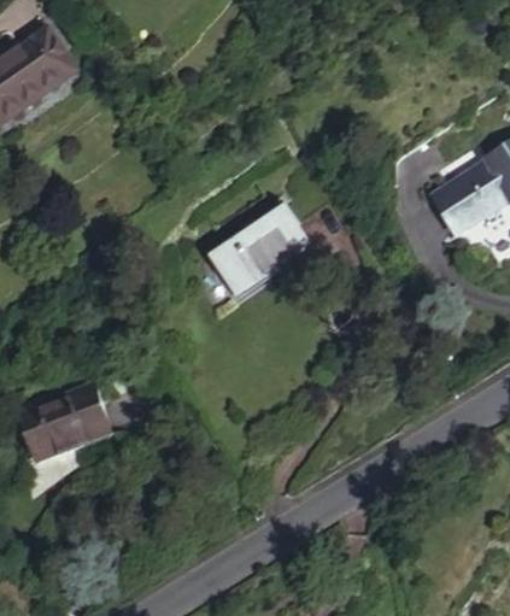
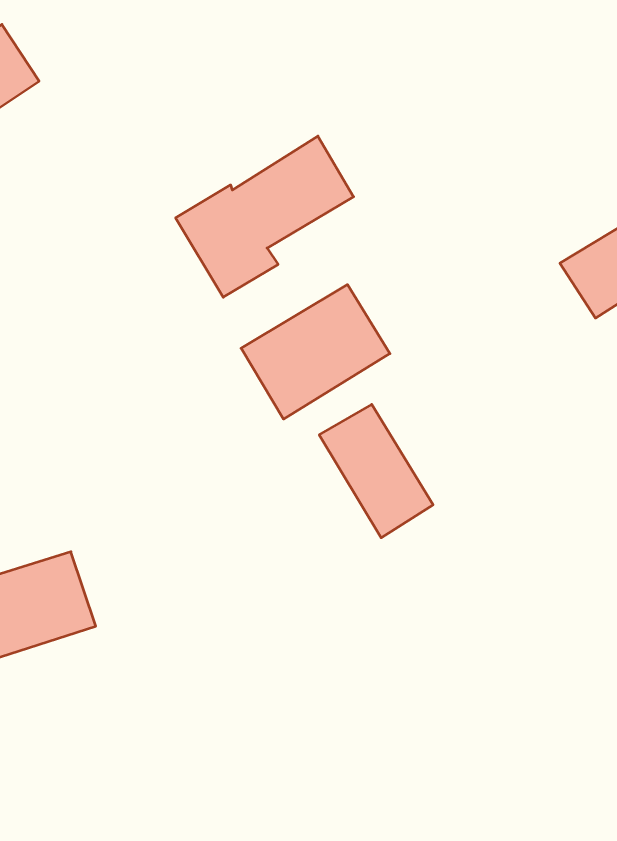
building: none -> [176,136,354,297]
building: none -> [319,404,433,538]

